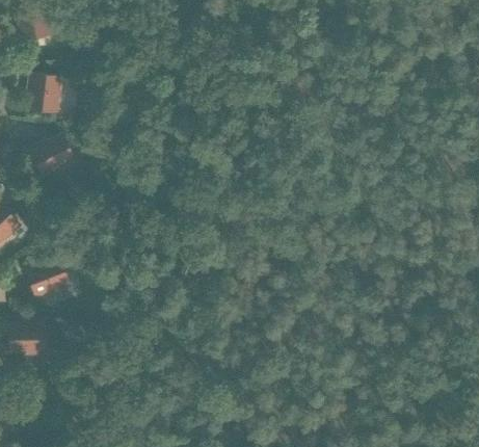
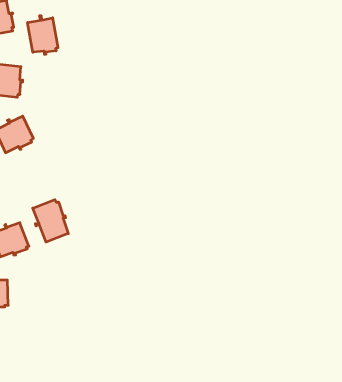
building: none -> [28,16,58,54]
building: none -> [33,200,68,242]

